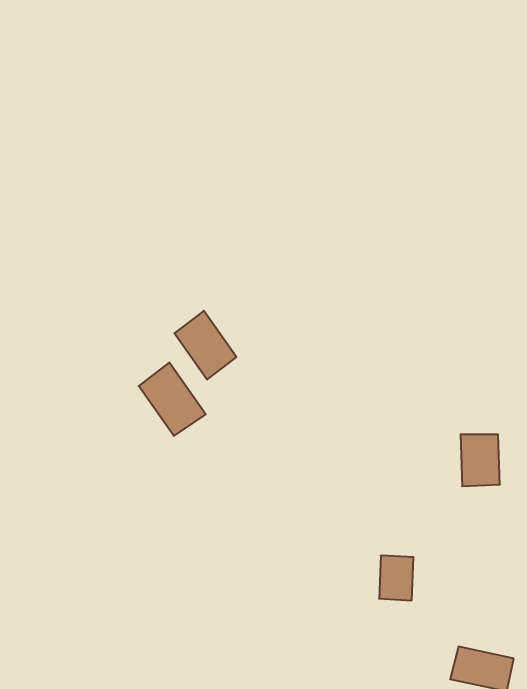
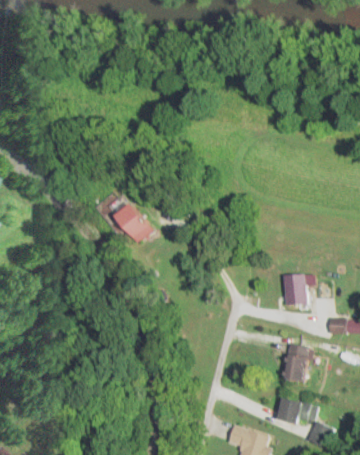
building: [139,362,206,436] -> none
building: [379,556,414,600] -> [289,354,309,380]

